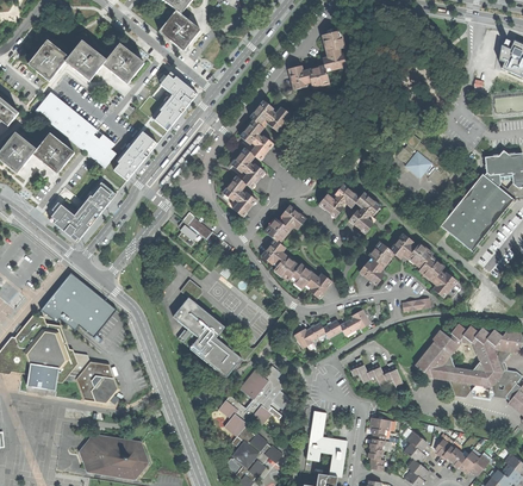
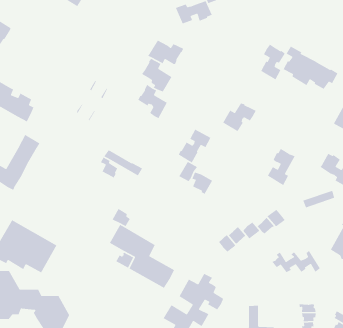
building: [104,44,143,82] -> none
building: [152,71,197,130] -> none
building: [113,131,156,180] -> none
building: [222,176,255,217] -> none
building: [349,192,380,233] -> [260,44,285,80]
building: [388,232,432,268] -> none
building: [289,263,331,298] -> none

